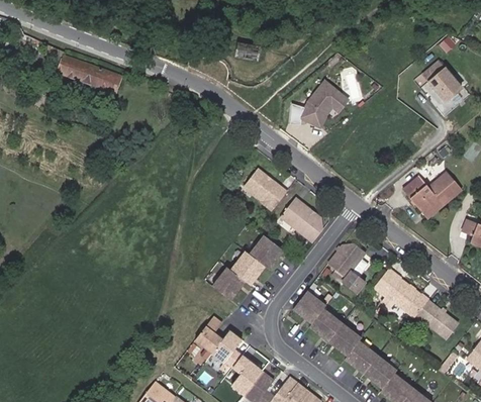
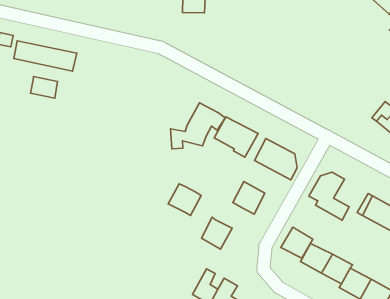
building: [290,80,349,123] -> [170,103,225,149]
building: none -> [31,77,58,98]
building: [230,250,265,284] -> [168,184,201,215]

